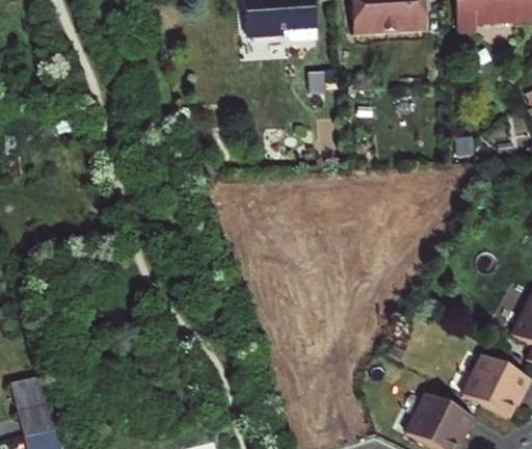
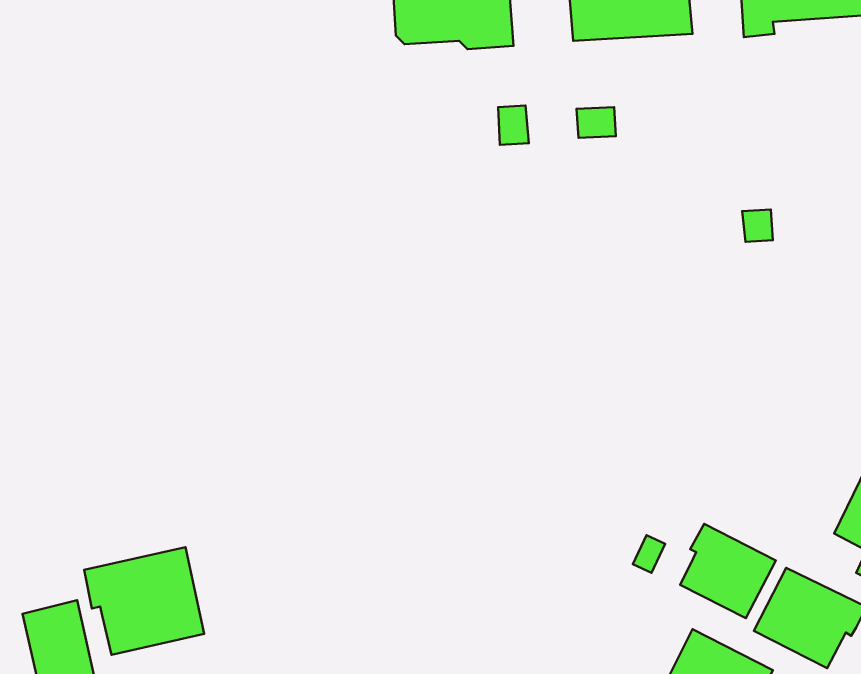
building: none -> [680,524,776,618]
building: none -> [84,547,204,655]

